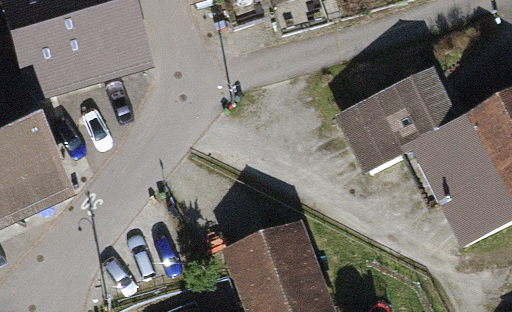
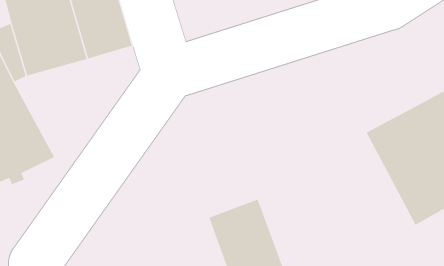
building: [331,68,465,182] -> none

